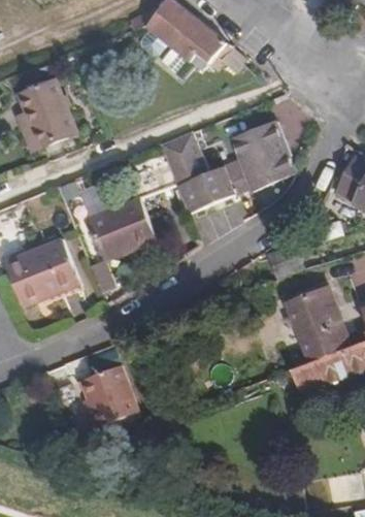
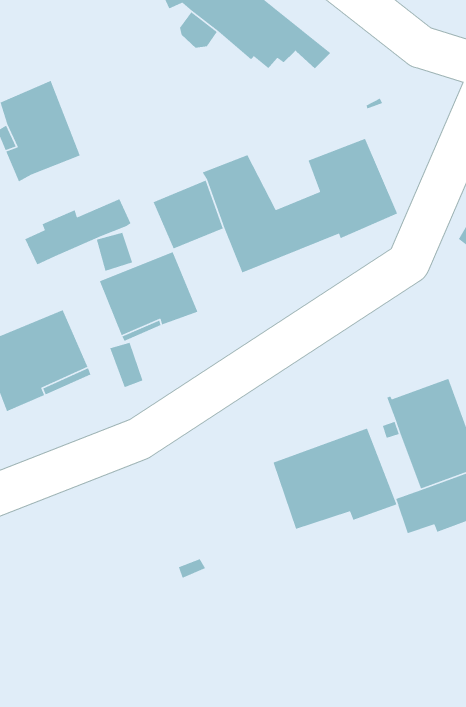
building: none -> [24,198,132,265]
building: none -> [272,427,397,530]
building: [78,364,135,439] -> none

